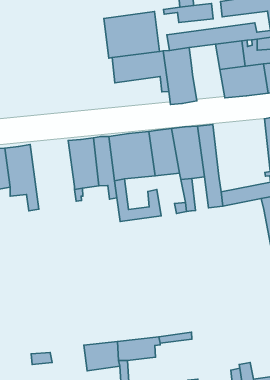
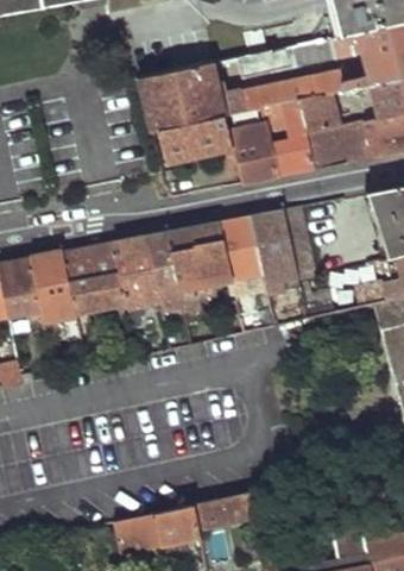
building: none -> [263,99,315,176]
building: none -> [62,241,125,313]
building: none -> [113,512,160,554]

